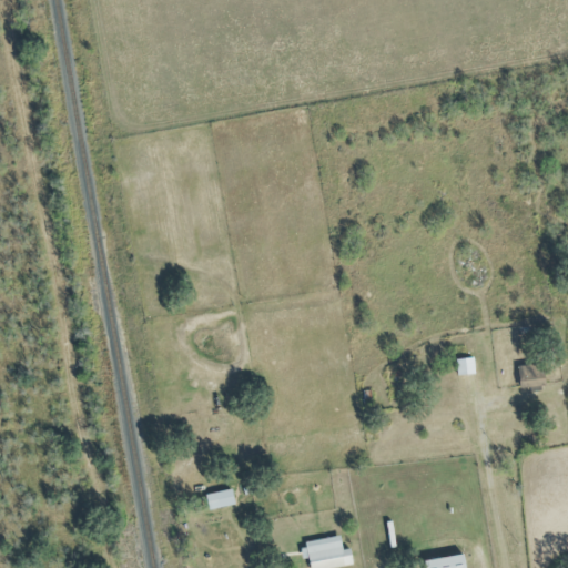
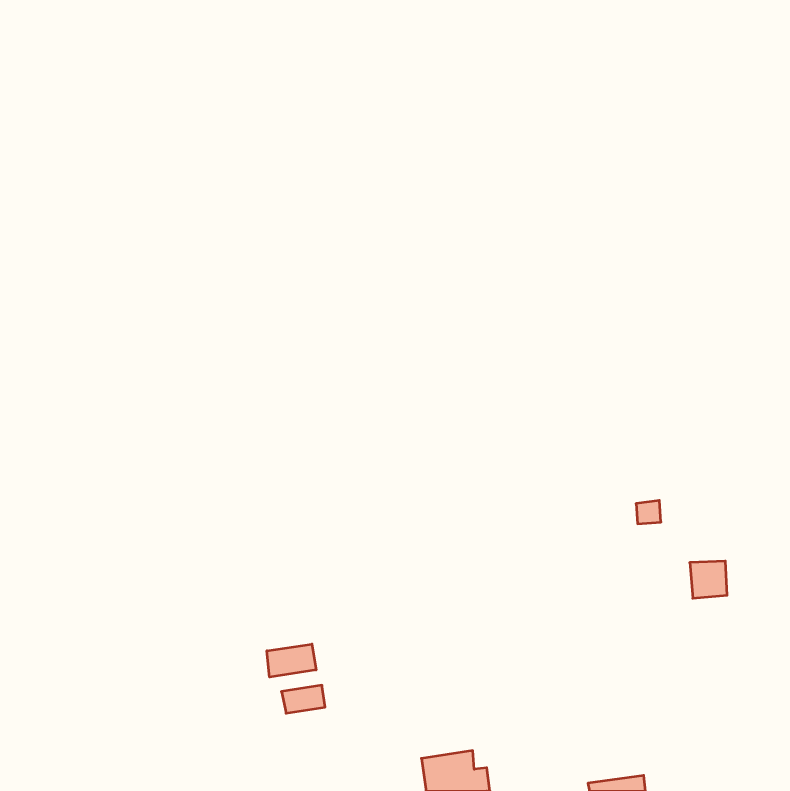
building: [518,363,545,389] -> [690,561,727,598]
building: none -> [267,644,316,677]

